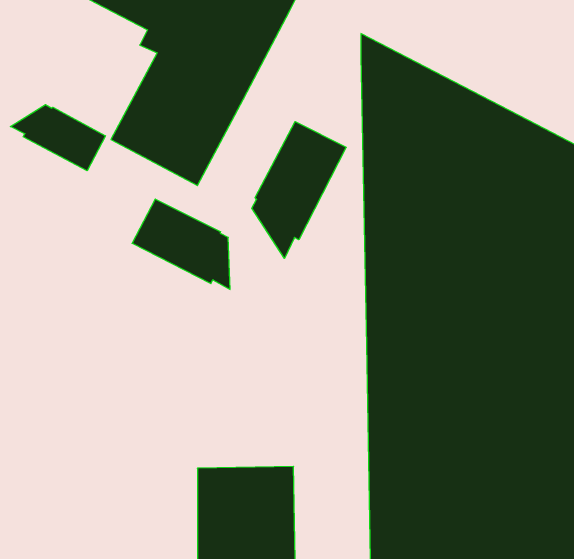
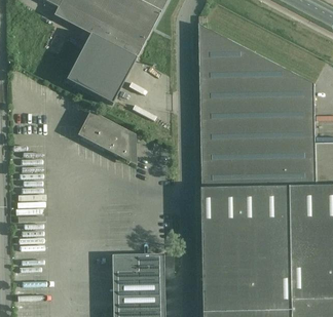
building: [10,105,105,171] -> none
building: [252,122,346,258] -> none

